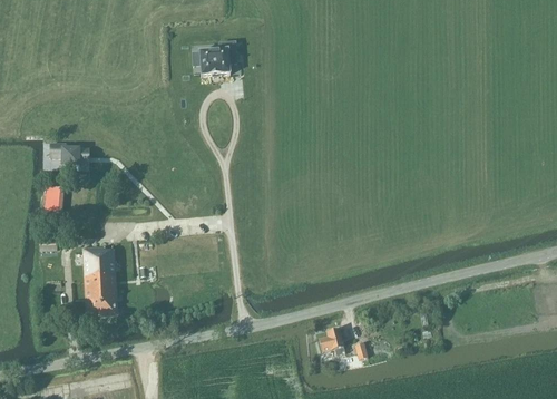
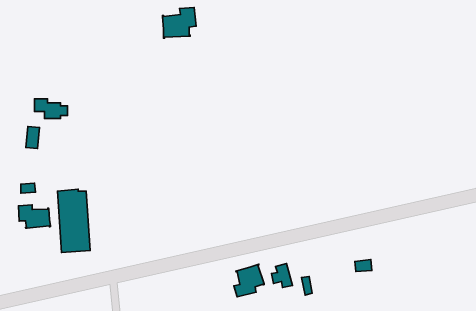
building: none -> [19,205,51,228]
building: none -> [234,264,264,297]

